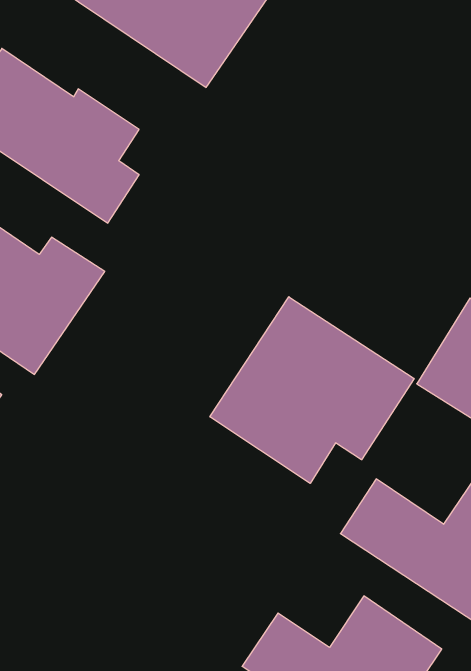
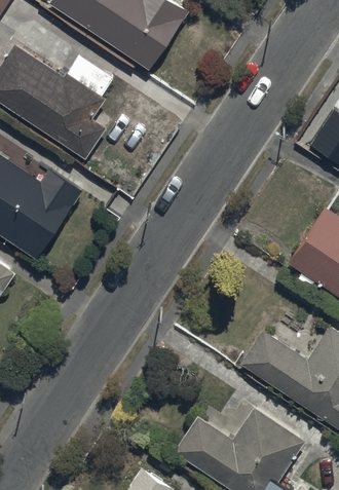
building: [210,297,414,483] -> none

